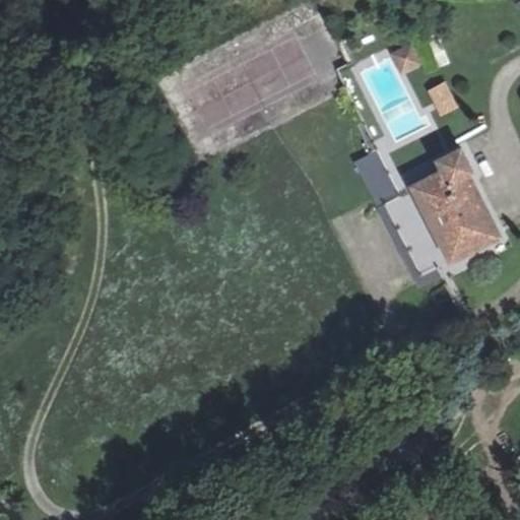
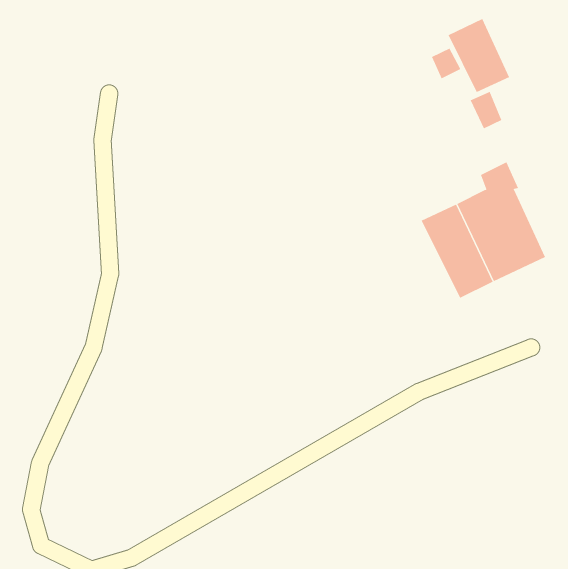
building: none -> [448,18,510,93]
building: [353,151,398,205] -> none

